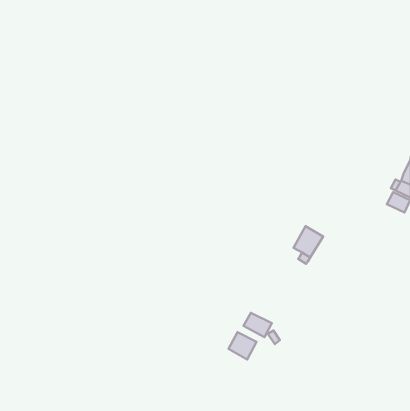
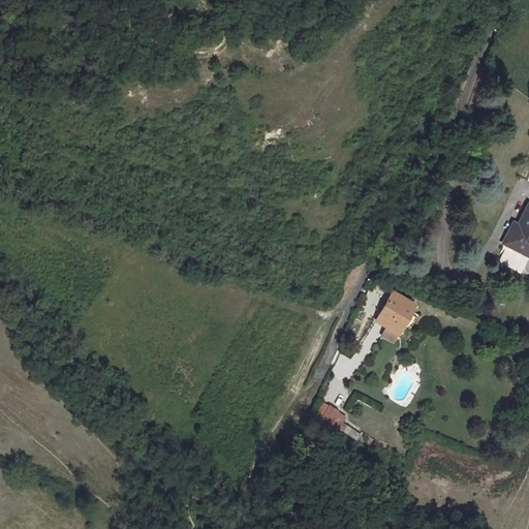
building: [228,332,256,359] -> none

